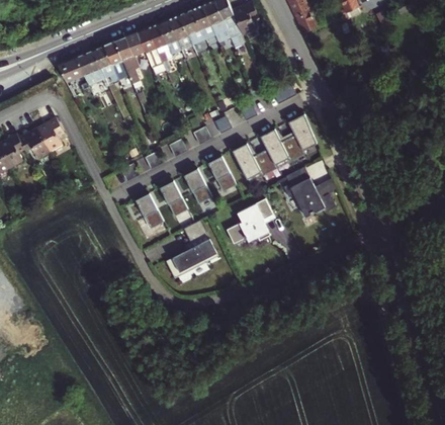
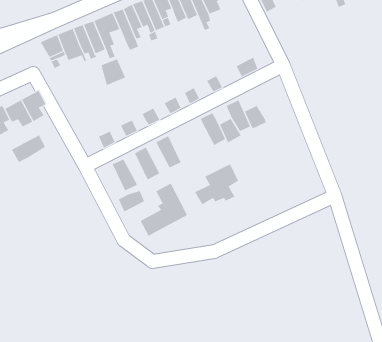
building: none -> [101,59,126,86]
building: [287,113,316,150] -> none
building: [207,156,236,191] -> none
building: [282,166,335,216] -> none
building: none -> [11,134,46,163]
building: none -> [118,190,145,212]

